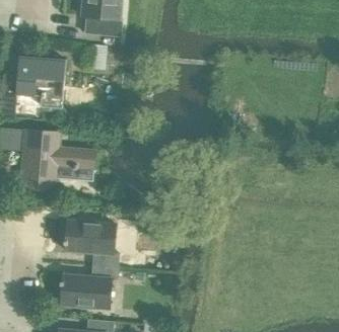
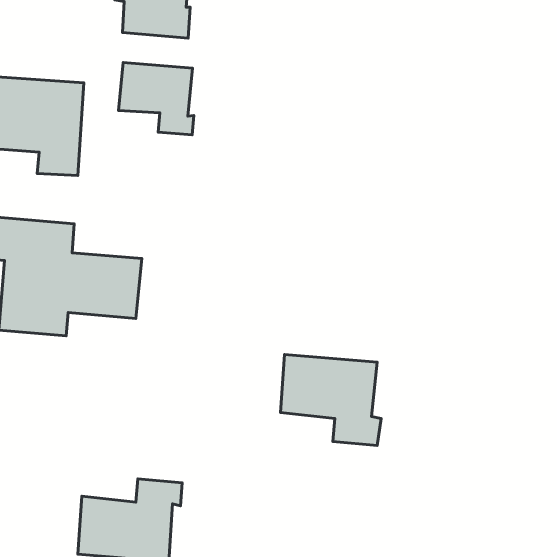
building: none -> [118,62,194,135]
building: [65,220,118,267] -> [281,355,381,445]

